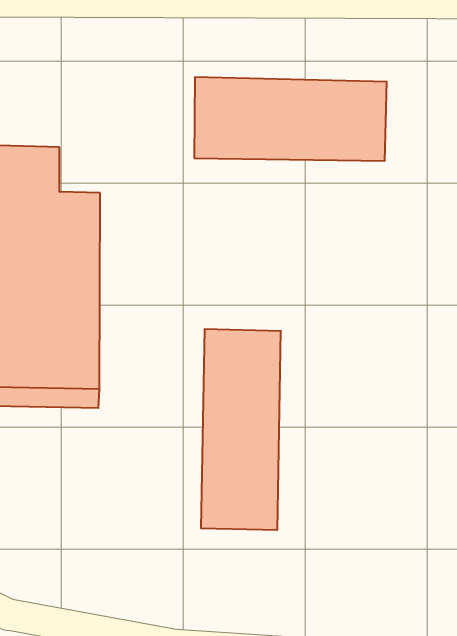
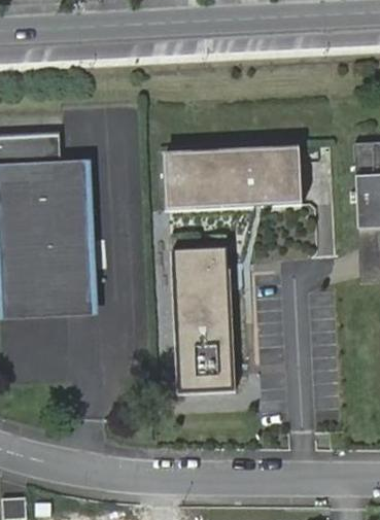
building: [194,77,387,161] -> [162,146,301,209]

